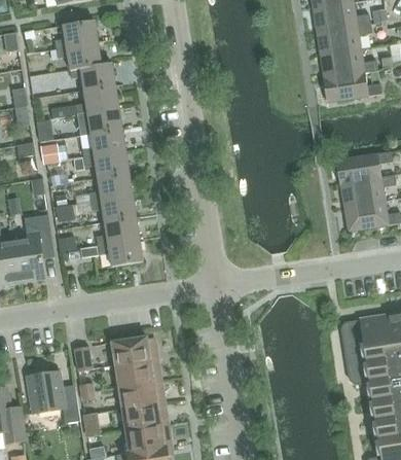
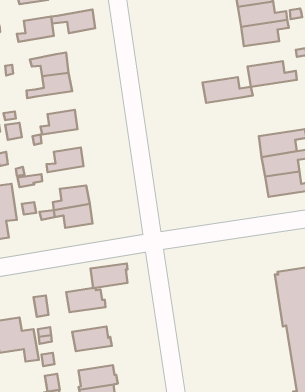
building: [49,42,101,70] -> [51,10,95,33]
building: [320,48,378,78] -> [203,77,253,103]
building: [77,107,122,134] -> none
building: [84,151,130,178] -> none
building: [90,194,136,221] -> none
building: [116,359,159,388] -> [91,263,128,288]
building: [123,404,167,433] -> none

